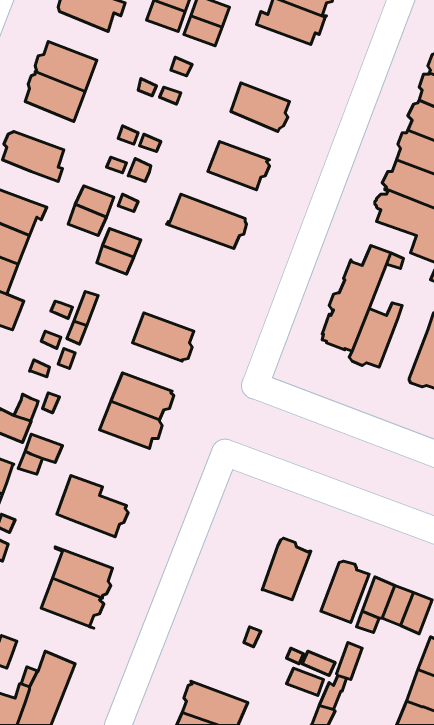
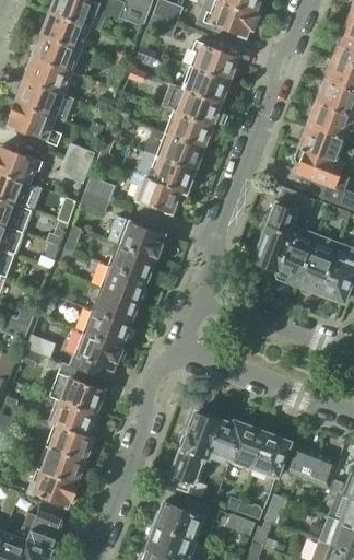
building: none -> [43,11,90,48]
building: none -> [191,40,238,80]
building: none -> [17,80,63,117]
building: none -> [175,88,220,125]
building: none -> [145,129,204,170]
building: none -> [131,174,186,213]
building: none -> [108,215,164,256]
building: none -> [297,246,334,292]
building: none -> [101,265,146,302]
building: none -> [70,331,122,378]
building: none -> [49,399,99,438]
building: none -> [167,409,220,492]
building: none -> [231,423,267,470]
building: none -> [30,468,79,505]
building: none -> [153,497,210,540]

